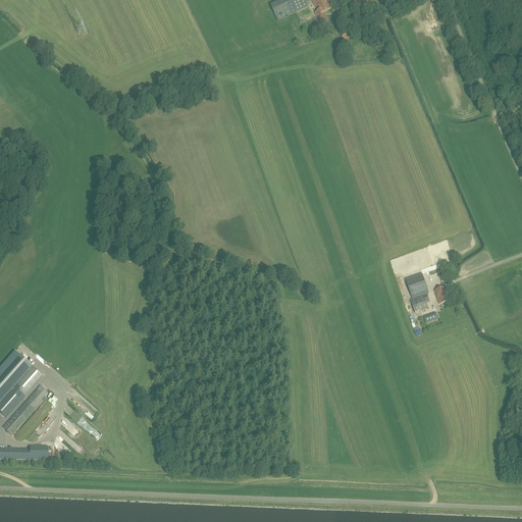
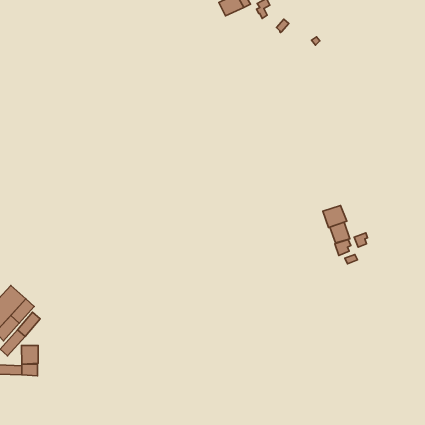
building: none -> [323,205,347,228]
building: none -> [22,346,38,364]

